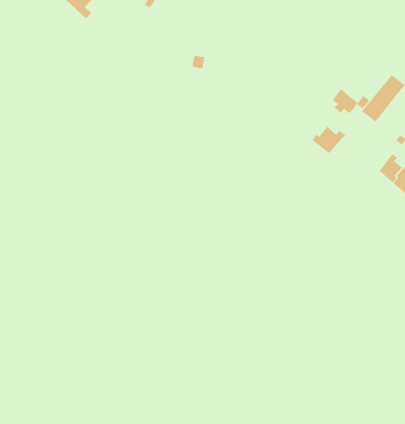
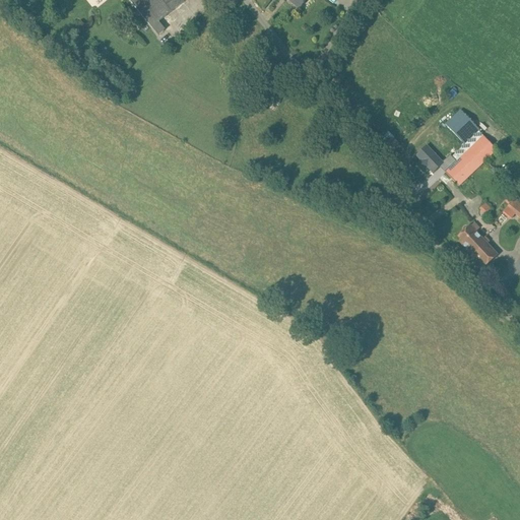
building: none -> [446,108,479,142]
building: [312,124,346,154] -> none

